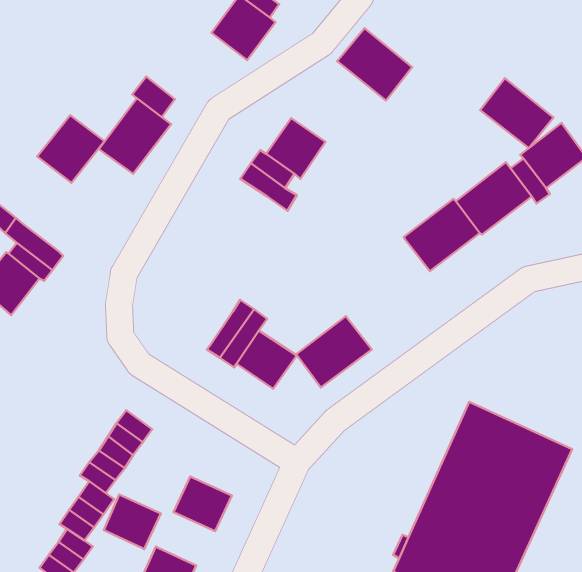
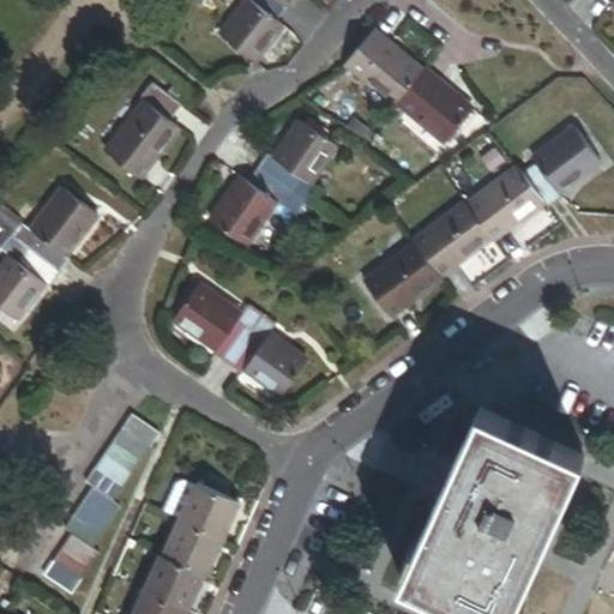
building: [480,78,554,148] -> [396,70,470,140]
building: [37,115,105,183] -> [29,187,97,255]
building: none -> [210,176,275,243]
building: none -> [173,285,240,350]
building: [296,316,372,387] -> [363,243,440,315]
building: [104,494,161,549] -> [164,519,222,574]

